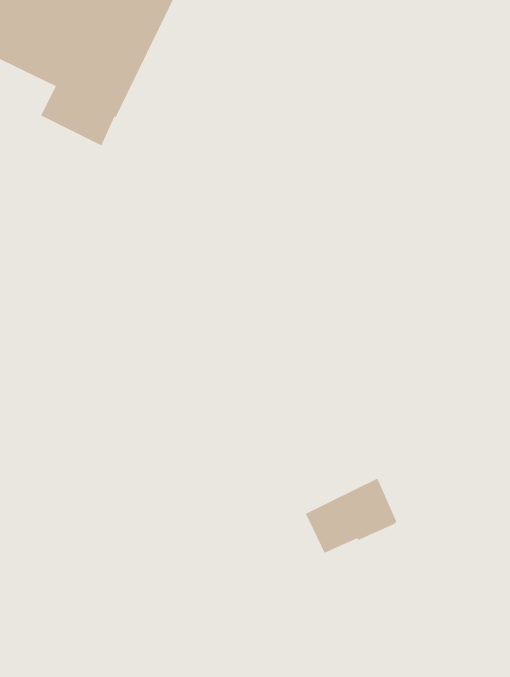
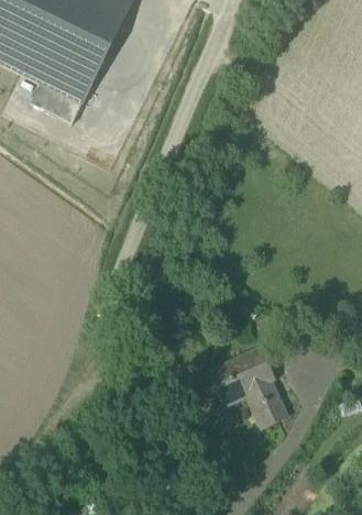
building: none -> [246,380,287,427]

